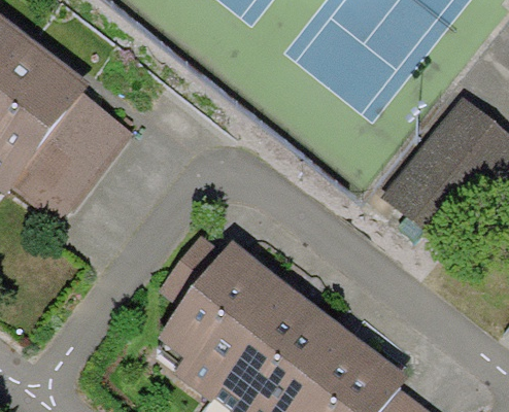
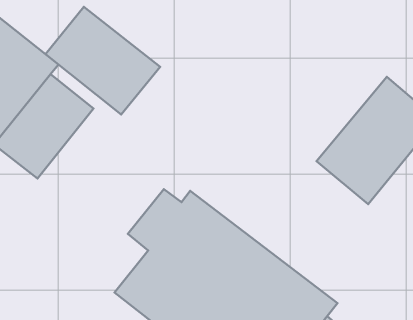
building: none -> [46,7,160,115]

